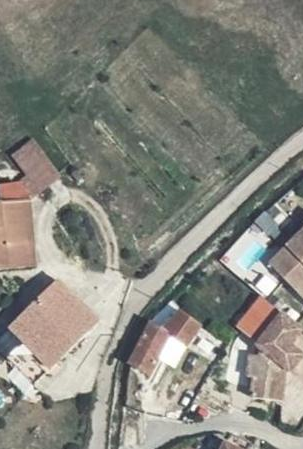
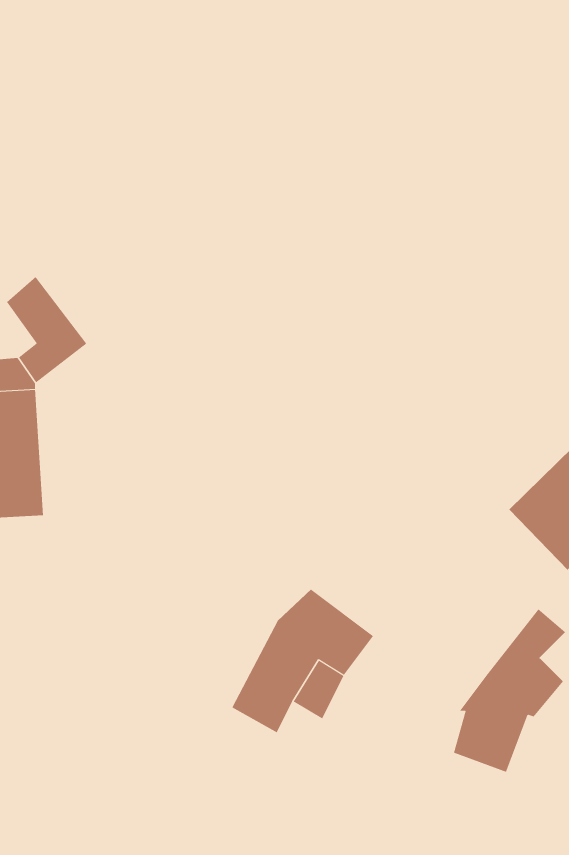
building: [15,282,95,361] -> none
building: [238,295,283,364] -> none

